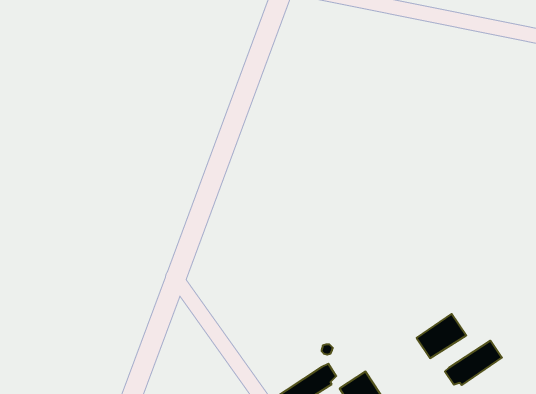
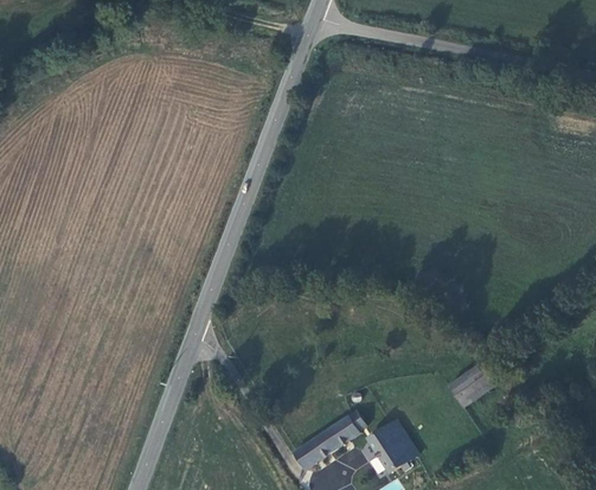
building: [445,341,502,385] -> none

